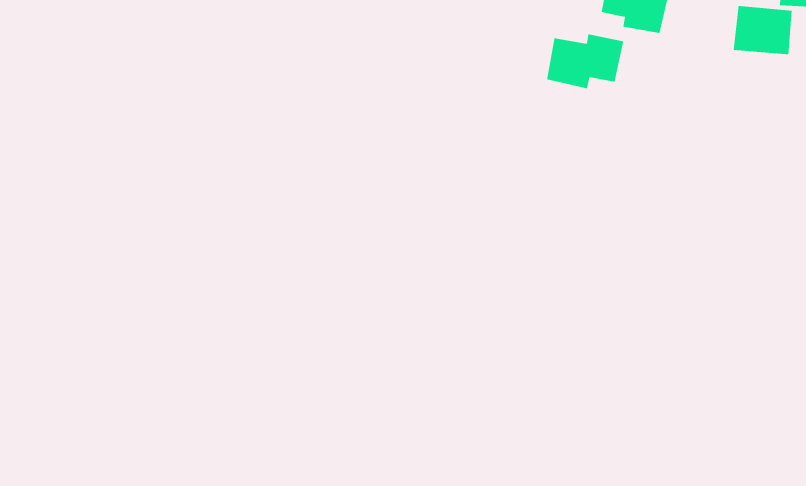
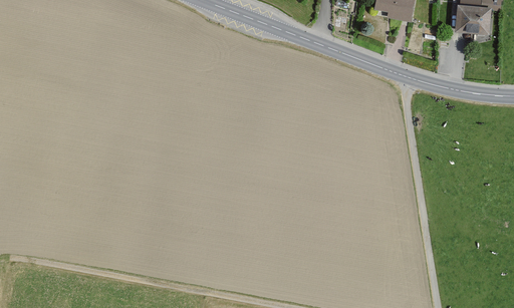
building: [547,34,624,89] -> none

